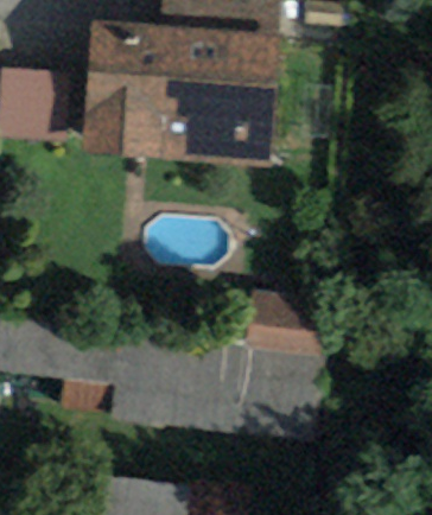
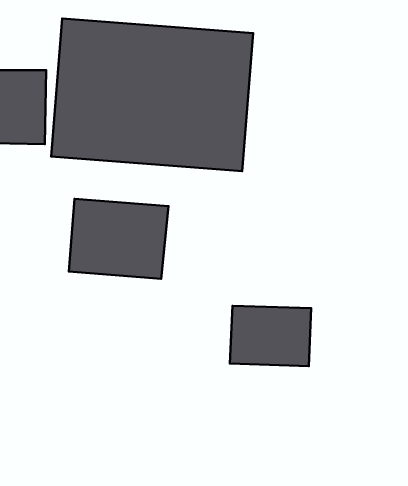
building: none -> [69,199,168,279]

